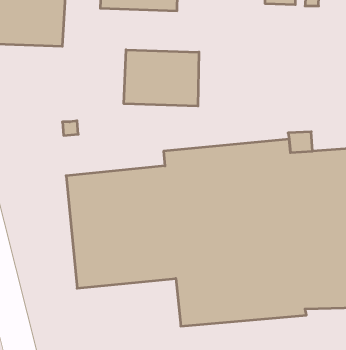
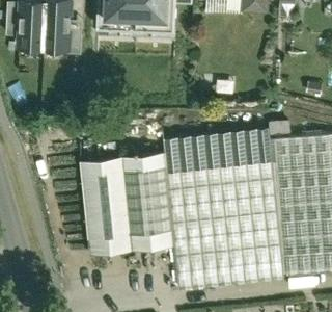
building: [124,50,199,106] -> none

